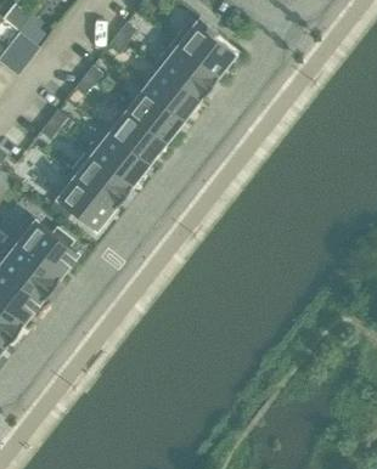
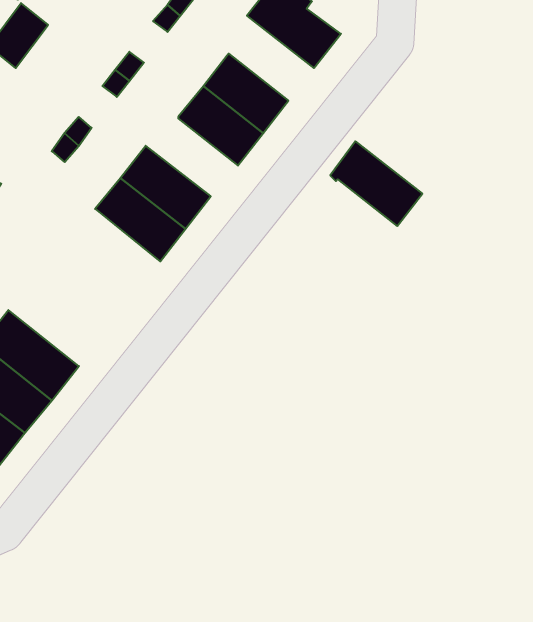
building: [156,41,218,98] -> [330,141,422,226]
building: [105,106,167,163] -> none
building: [52,171,114,230] -> none
building: [12,215,78,277] -> none

